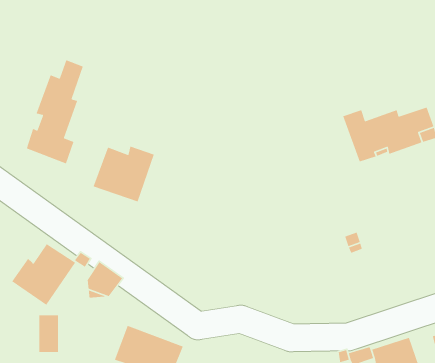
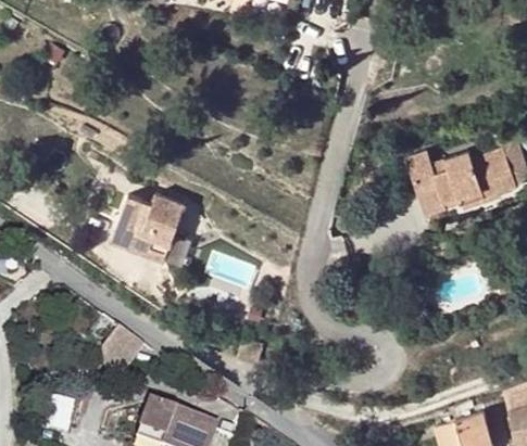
building: [26,59,84,164] -> none
building: [11,243,76,306] -> none

